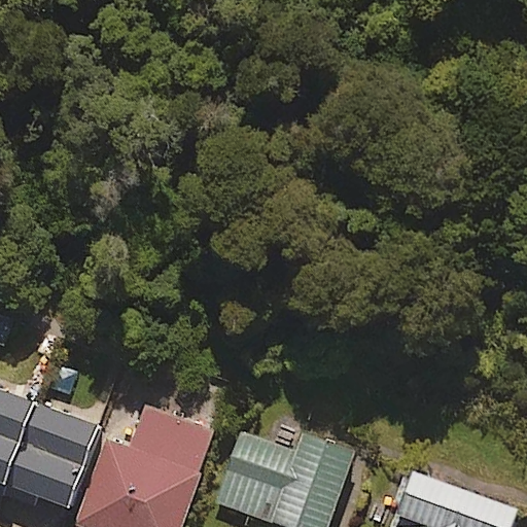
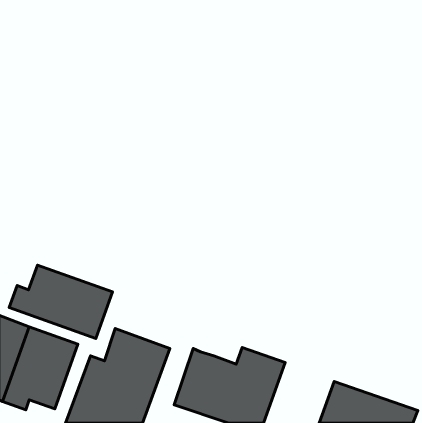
building: none -> [9,265,113,339]

